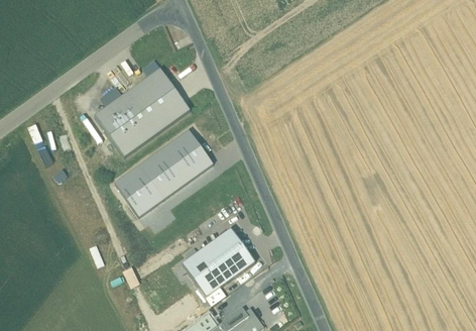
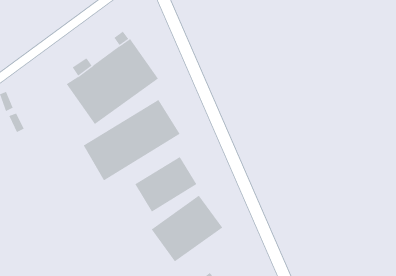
building: none -> [135,156,197,212]

